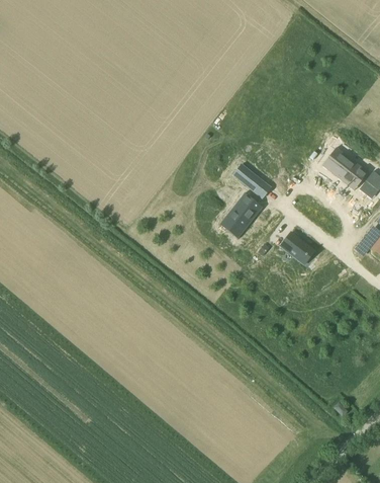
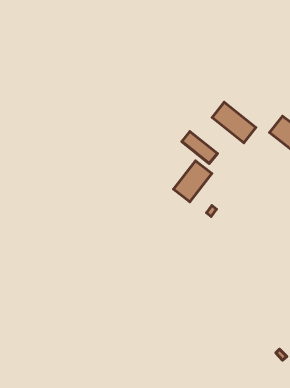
building: none -> [212,102,256,143]
building: [282,236,311,264] -> none

